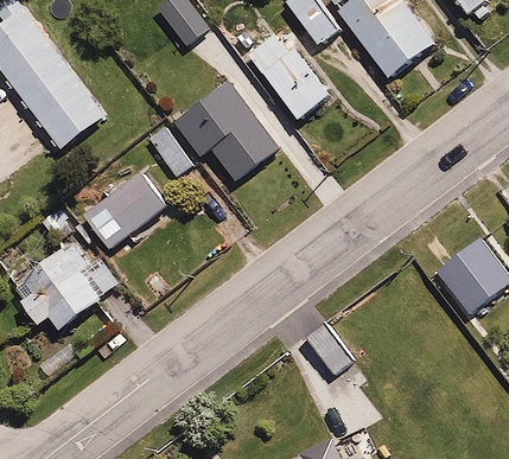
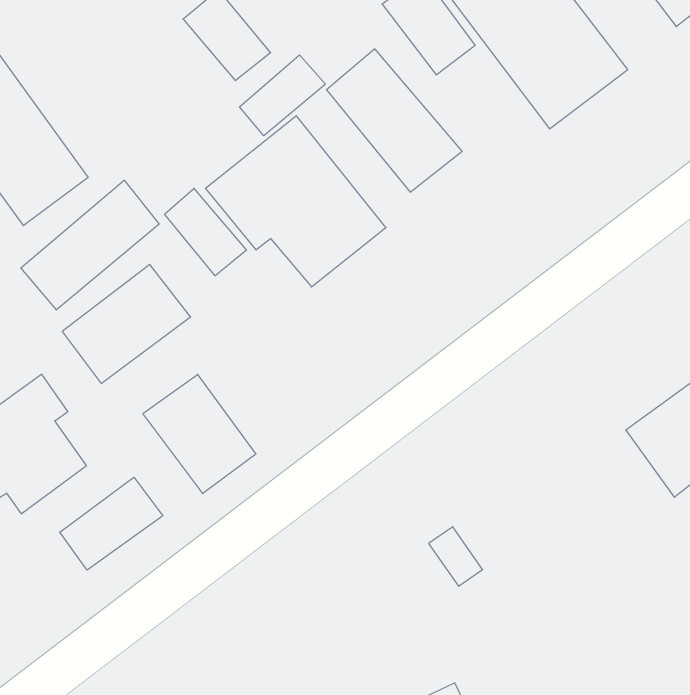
building: none -> [240,55,325,136]
building: none -> [21,180,159,310]
building: none -> [143,374,256,494]
building: none -> [60,477,163,570]

